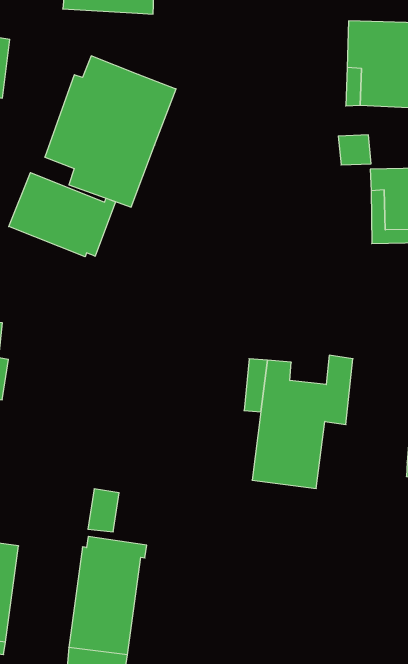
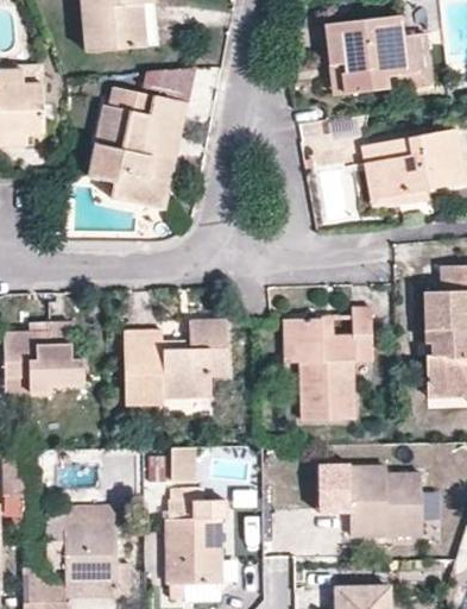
building: none -> [141,68,197,103]
building: [9,173,116,257] -> none
building: none -> [132,319,229,408]
building: none -> [318,463,423,534]

